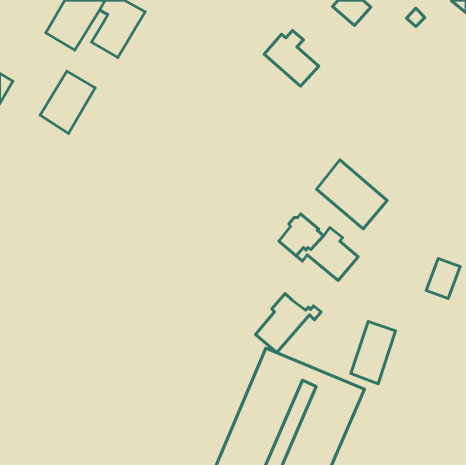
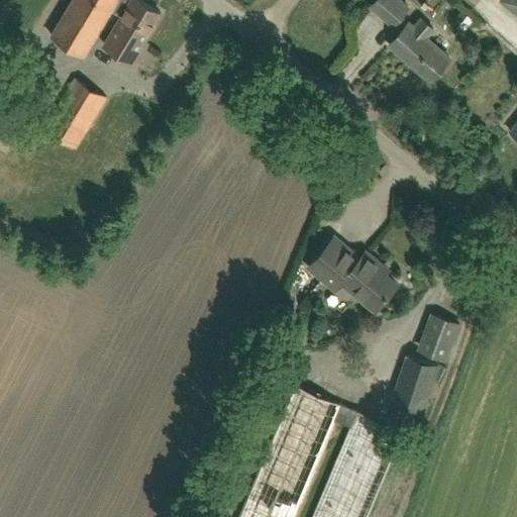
building: [264,31,319,86] -> [389,21,449,83]
building: [316,160,387,229] -> none
building: [426,258,460,299] -> [422,317,459,361]
building: [255,294,321,353] -> none

